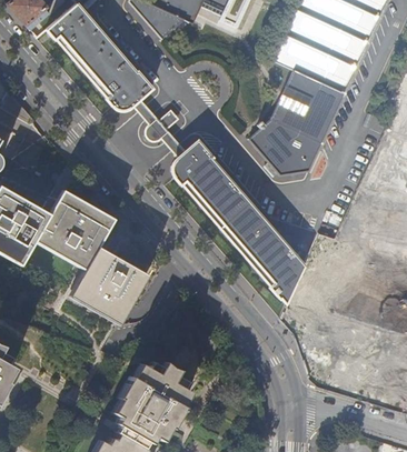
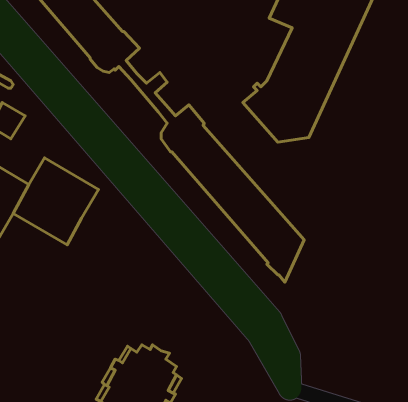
building: [71,245,150,325] -> none

